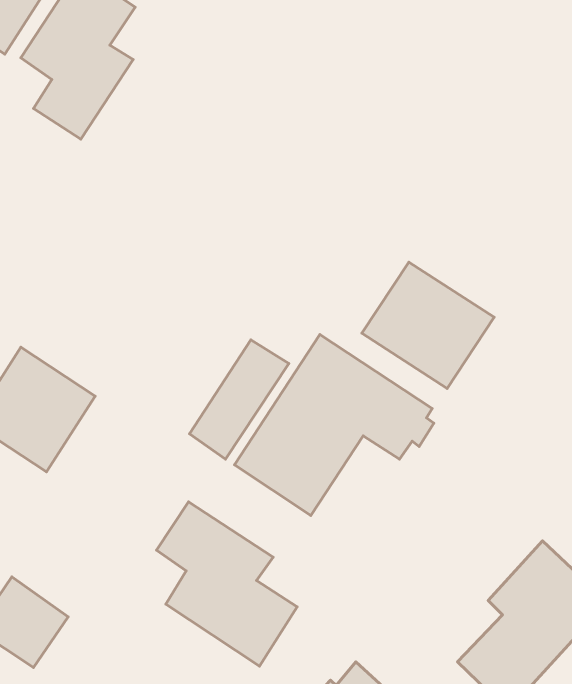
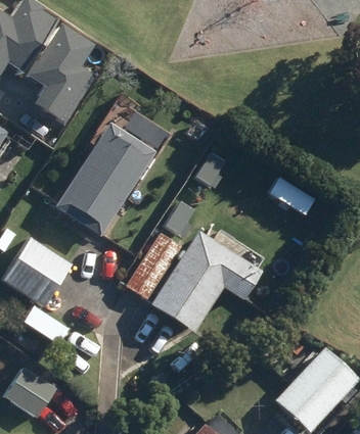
building: none -> [55,123,156,236]
building: [362,262,494,388] -> none
building: [156,502,297,666] -> none

